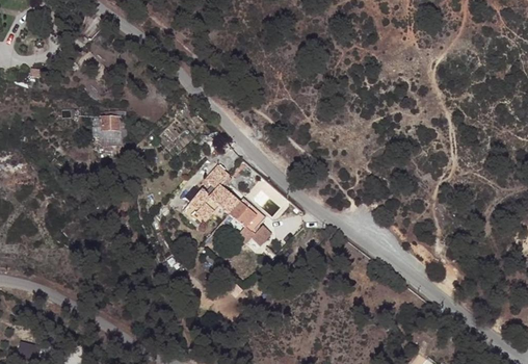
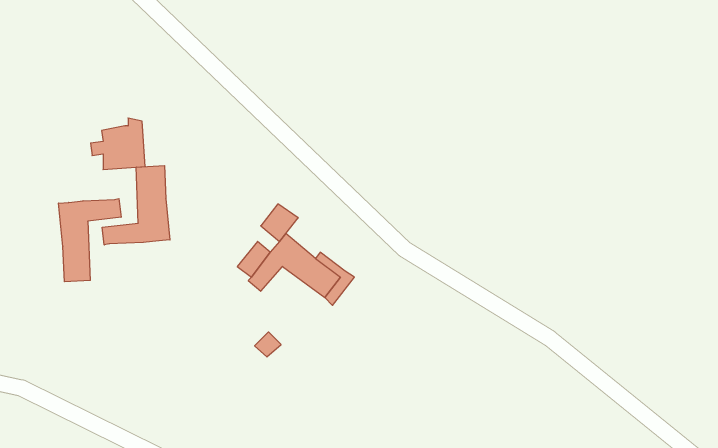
building: none -> [102,166,170,245]
building: none -> [59,199,121,282]

